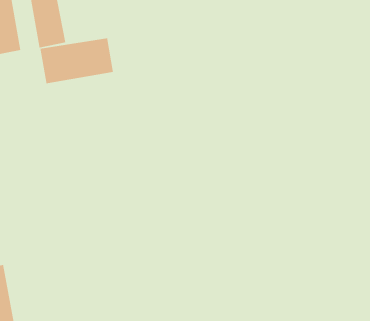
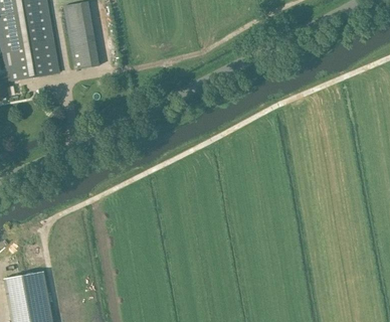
building: [40,37,113,84] -> none

